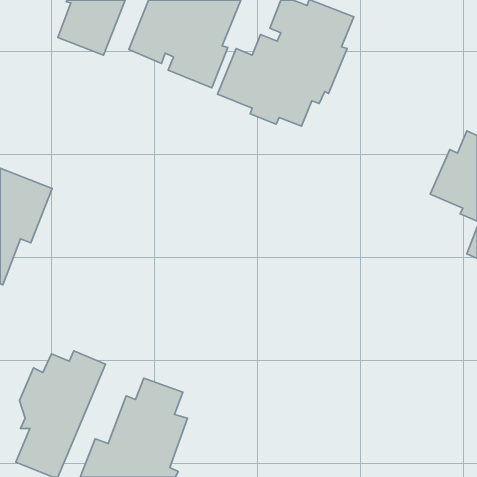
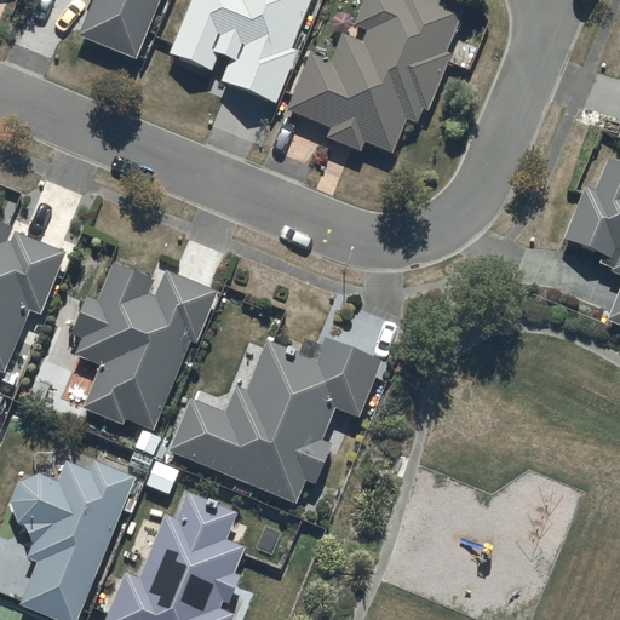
building: none -> [73,259,211,430]
building: none -> [172,327,386,496]

